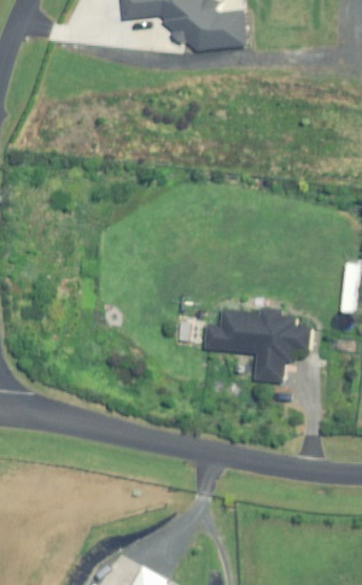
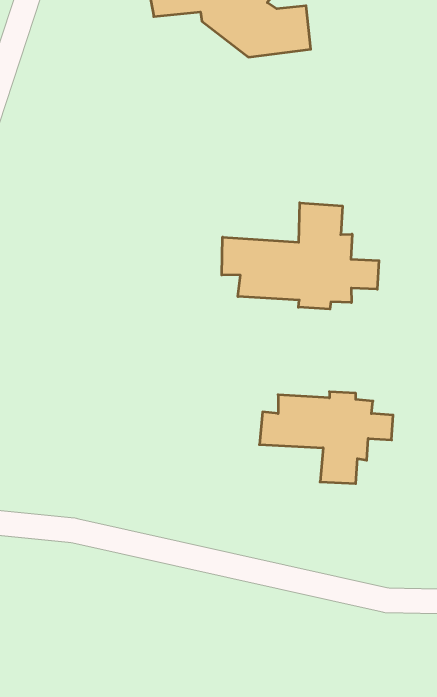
building: none -> [222,203,379,309]

